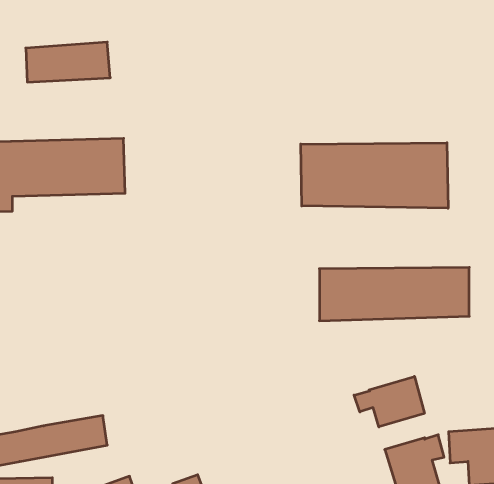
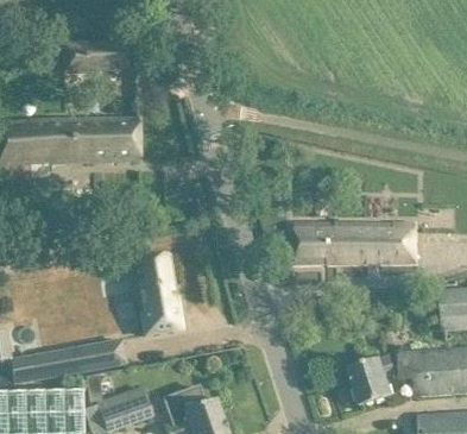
building: [301,143,448,208] -> none
building: none -> [132,252,182,334]
building: [354,376,424,427] -> none

